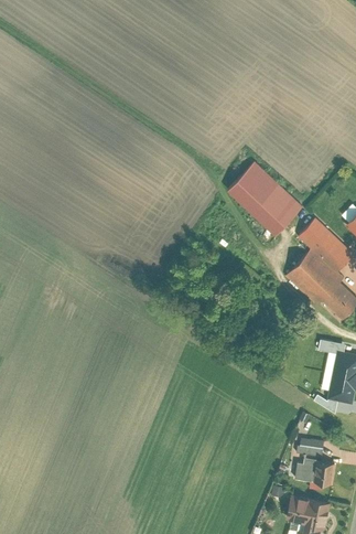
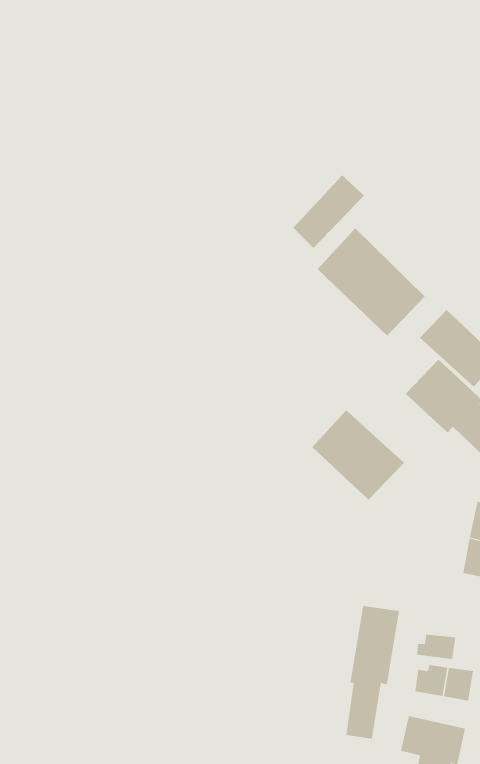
building: none -> [292,175,365,249]
building: none -> [311,410,405,500]
building: none -> [346,605,400,740]

